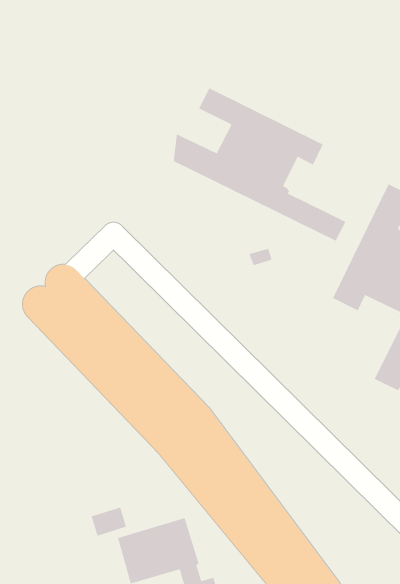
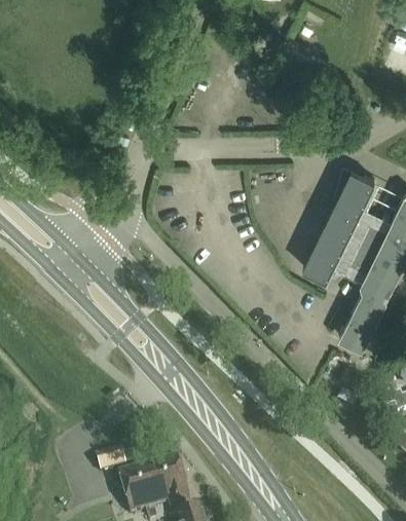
building: [173,87,346,241] -> none

